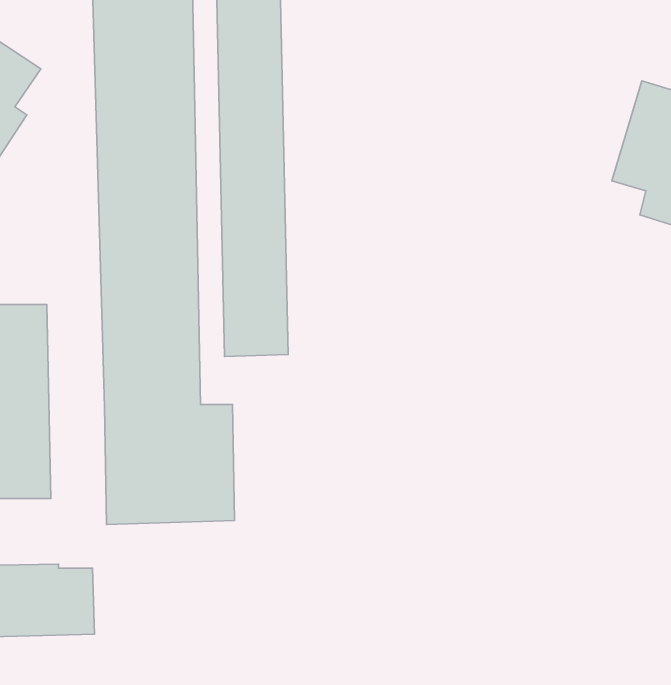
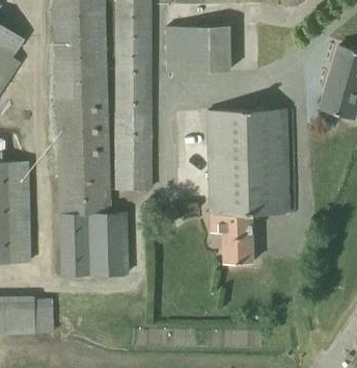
building: none -> [165,27,229,72]
building: none -> [205,110,285,264]

